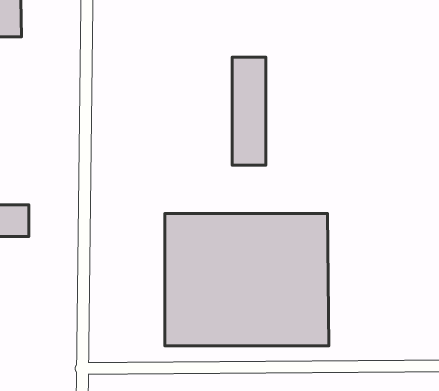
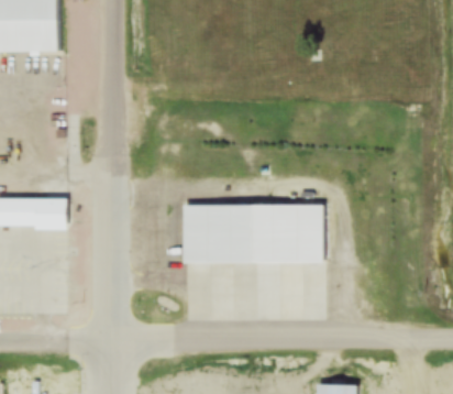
building: [232,57,266,165] -> none

